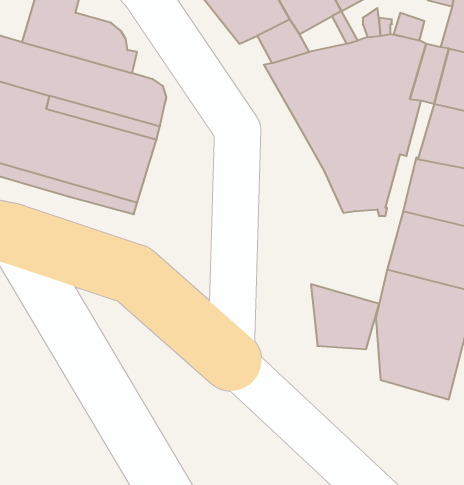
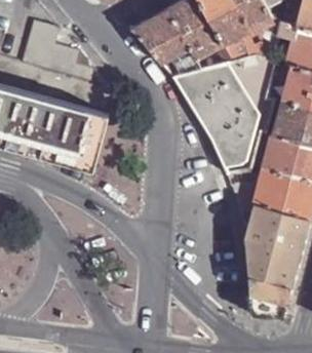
building: [311,284,379,349] -> [248,275,291,316]

